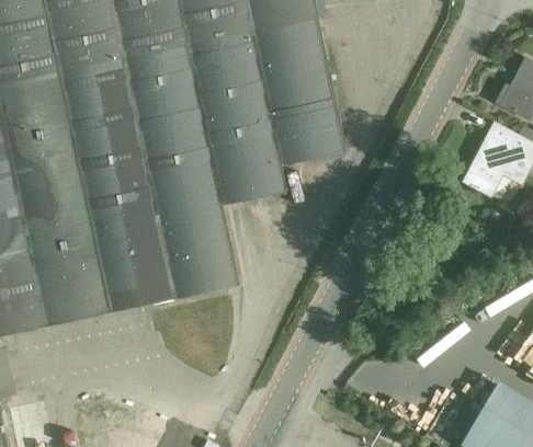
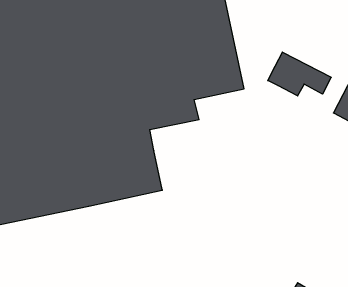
building: none -> [268,52,331,96]

